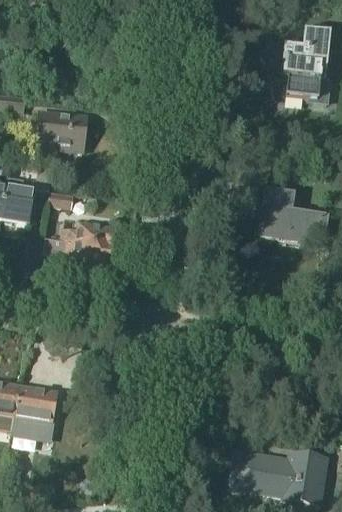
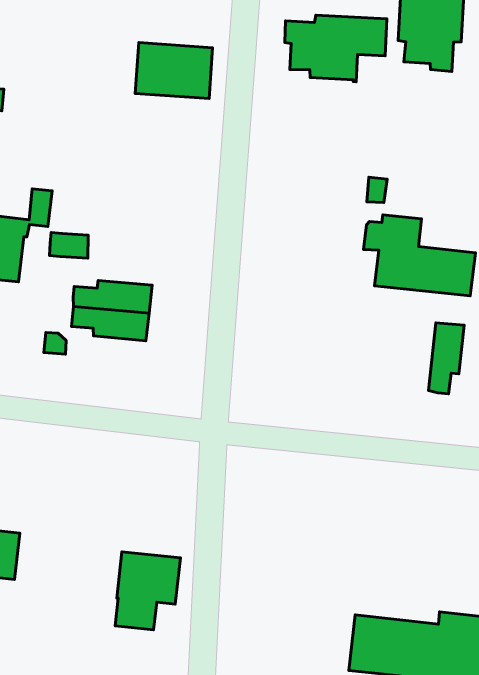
building: none -> [285,15,387,82]
building: [35,110,87,149] -> [135,43,213,99]
building: none -> [429,323,464,394]
building: [12,385,57,437] -> [115,552,180,630]

